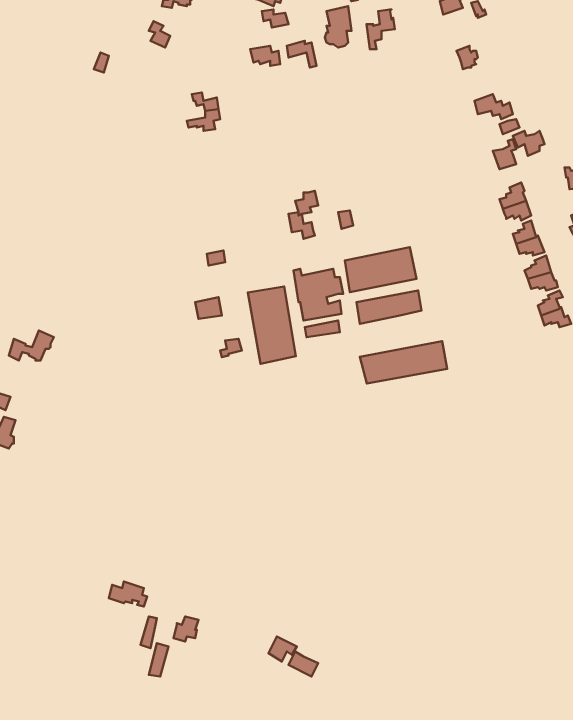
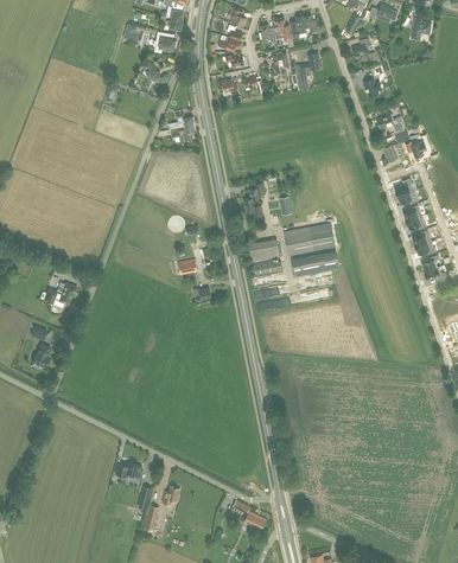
building: [248,287,296,364] -> none
building: [360,341,447,384] -> none

